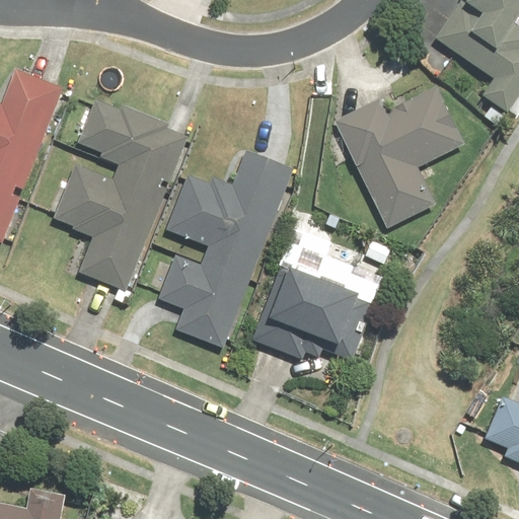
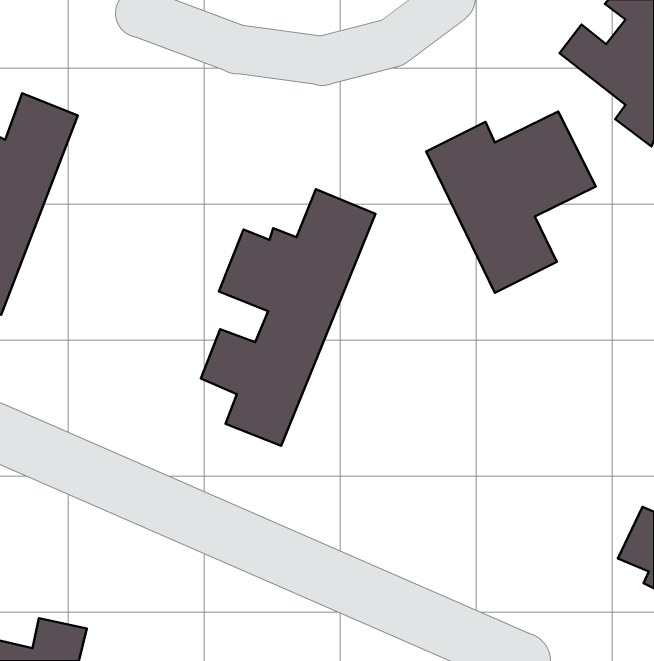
building: [54,100,187,291] -> none
building: [252,264,372,362] -> none

